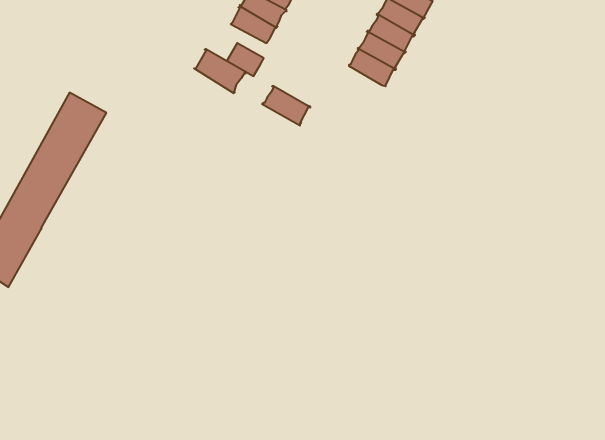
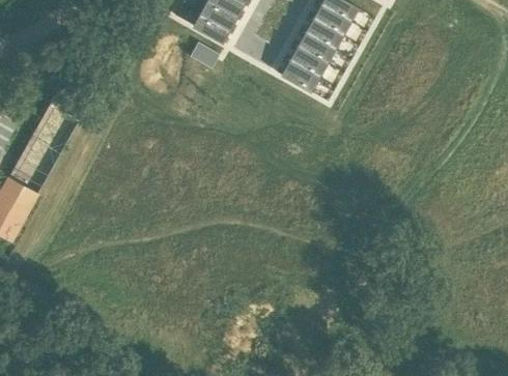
building: [194,49,246,93] -> none
building: [262,86,310,126] -> [280,60,319,92]

